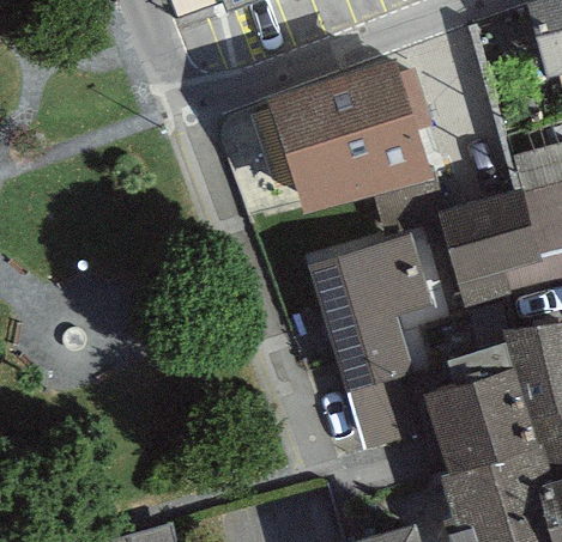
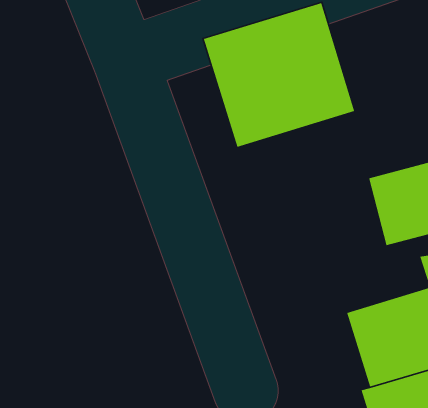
building: [308,235,430,453] -> none

